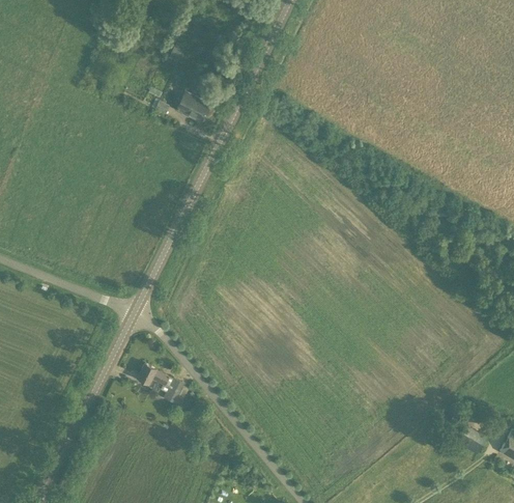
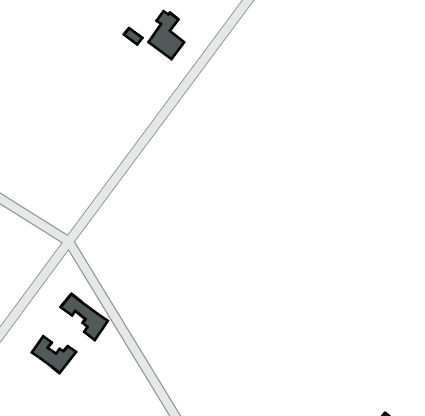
building: none -> [32,336,76,373]

